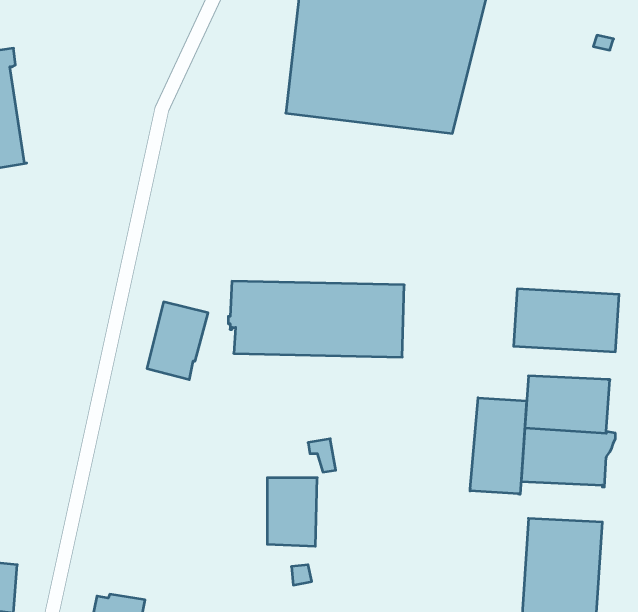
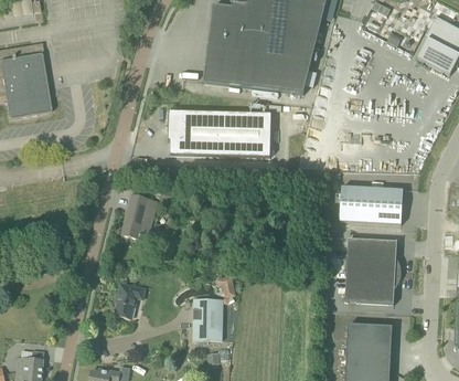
building: [228,281,404,357] -> [167,110,271,156]
building: [470,398,526,494] -> none
building: none -> [115,282,145,318]

